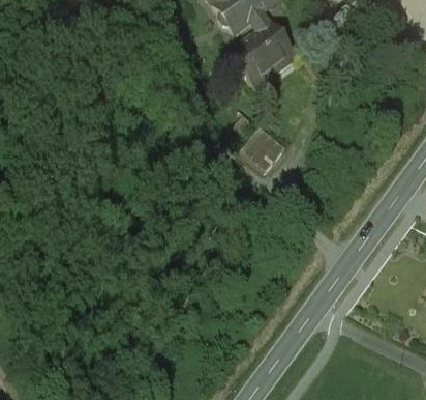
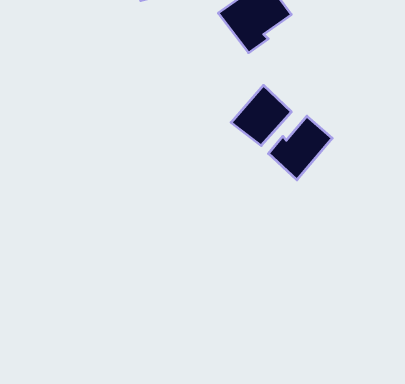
building: none -> [268,116,332,180]

